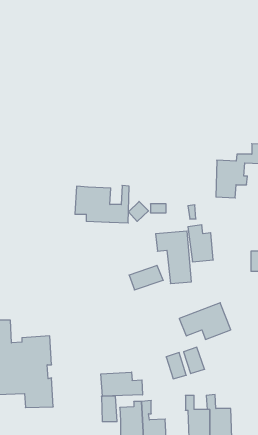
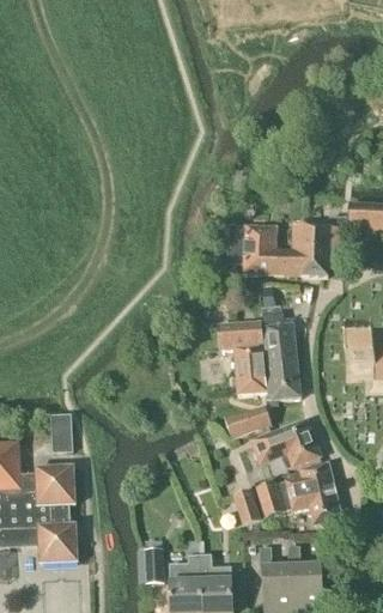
building: [75,185,129,223] -> [227,221,302,273]
building: none -> [267,359,300,399]
building: [129,265,163,290] -> [225,402,272,436]
building: none -> [50,412,73,450]
building: none -> [285,461,341,522]
building: [101,372,142,396] -> none

